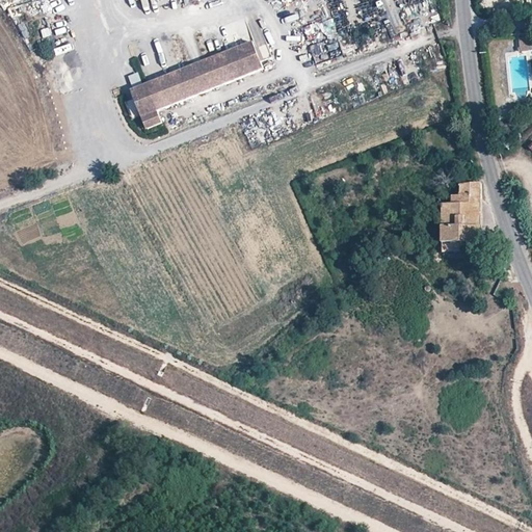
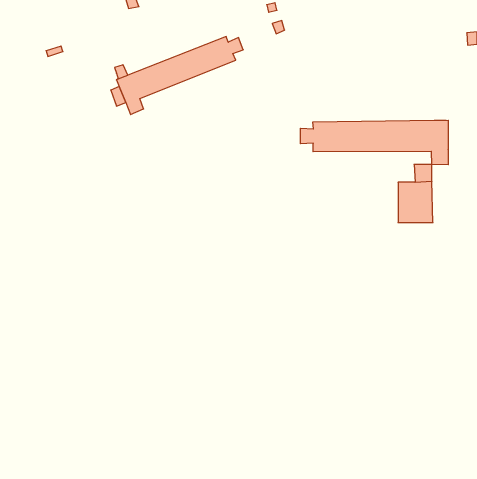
building: none -> [300,120,448,165]

